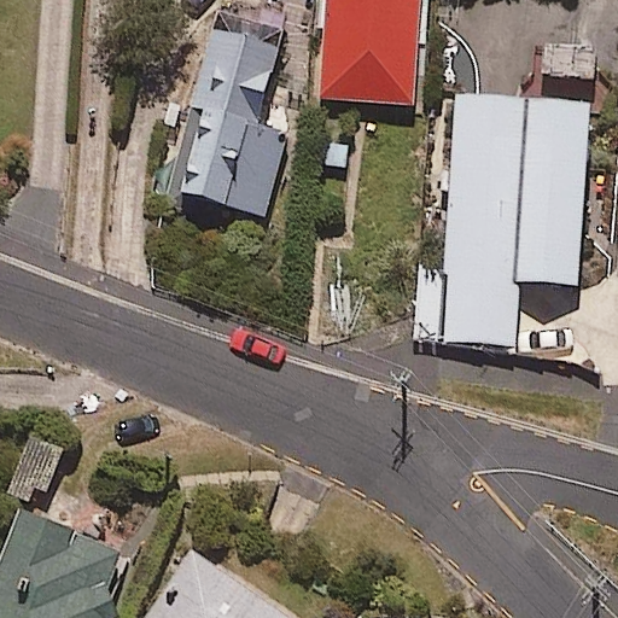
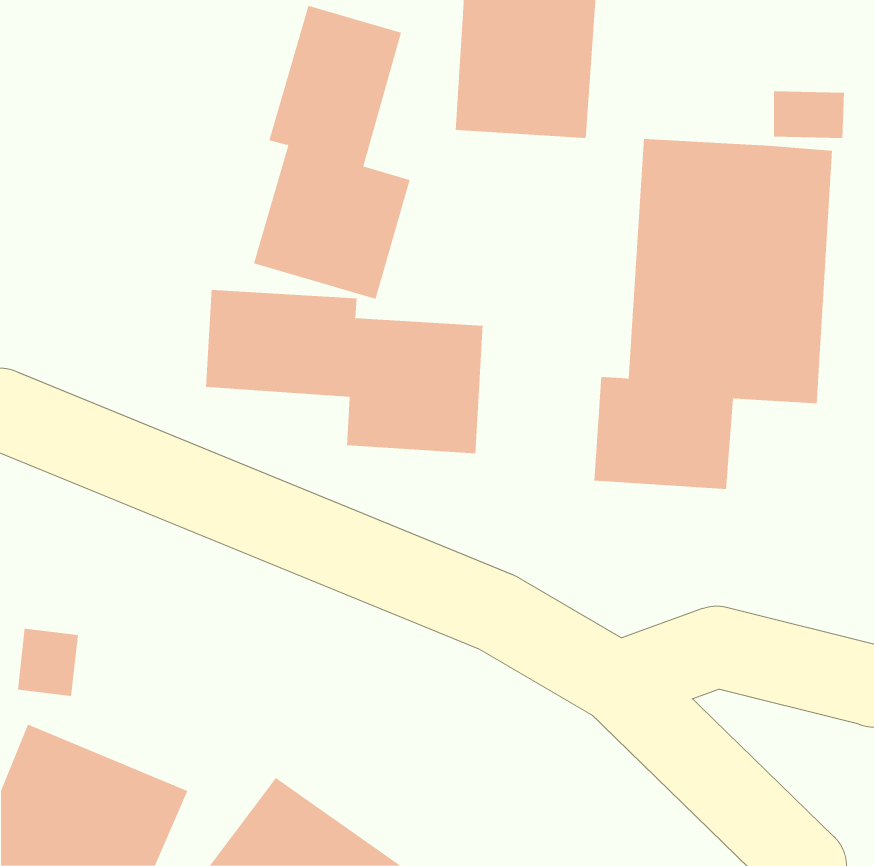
building: none -> [205,289,483,454]

